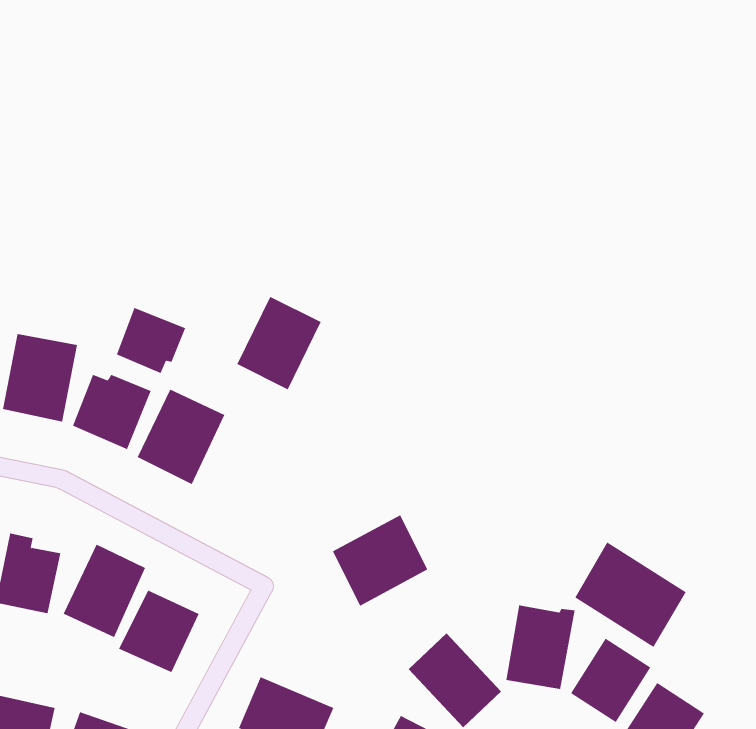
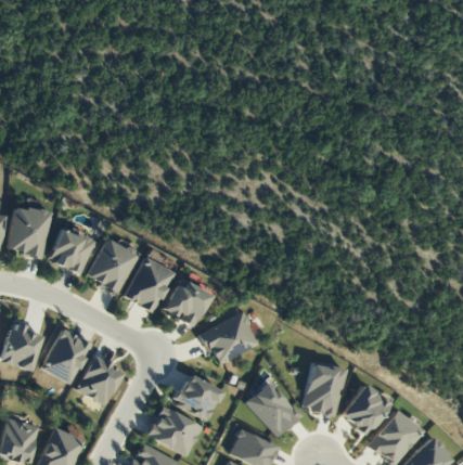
building: [237,296,321,390] -> [124,257,173,312]
building: [116,307,186,374] -> none
building: none -> [163,279,210,326]
building: [575,542,686,648] -> none
building: none -> [172,374,221,419]

